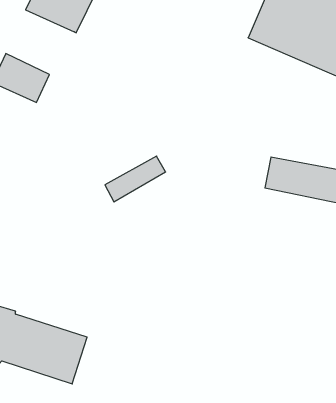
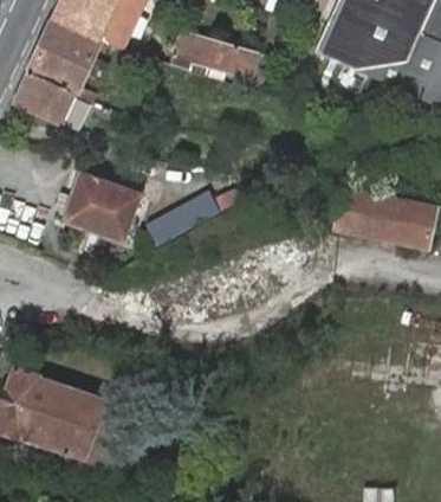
building: none -> [27,17,109,98]
building: none -> [171,34,267,79]
building: none -> [61,168,142,243]

